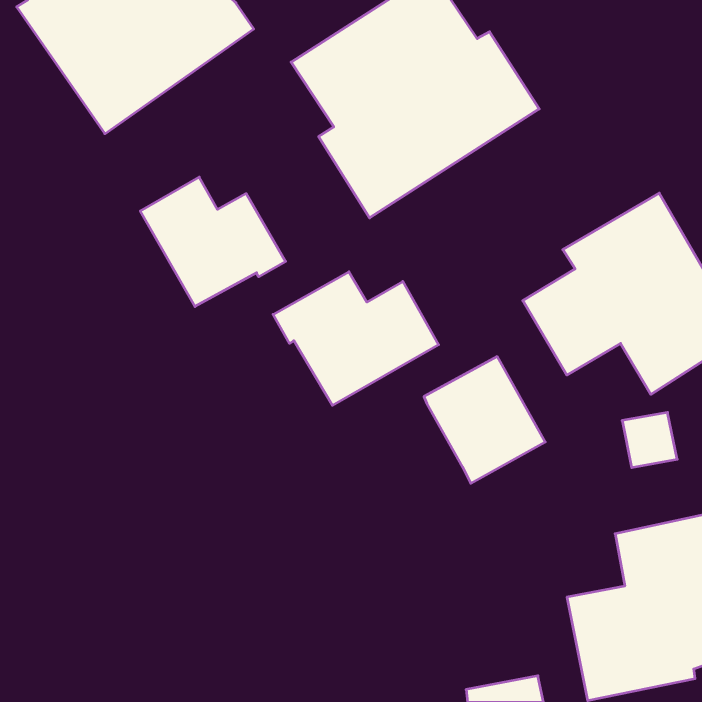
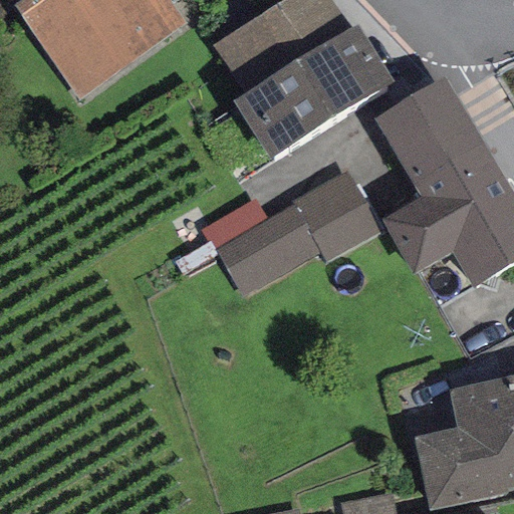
building: none -> [374,76,482,182]
building: [140,177,286,307] -> none
building: [424,357,545,483] -> [293,171,381,263]

